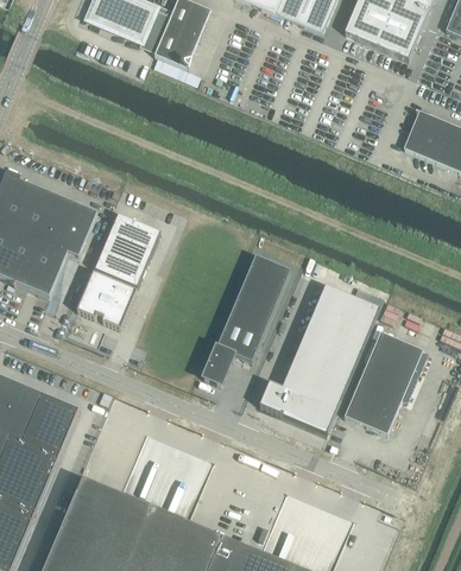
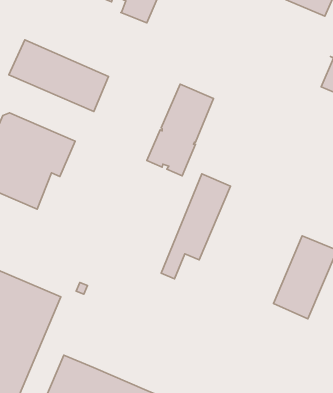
building: none -> [9,40,108,112]
building: [76,214,159,328] -> [147,84,213,176]
building: [259,284,379,433] -> none

